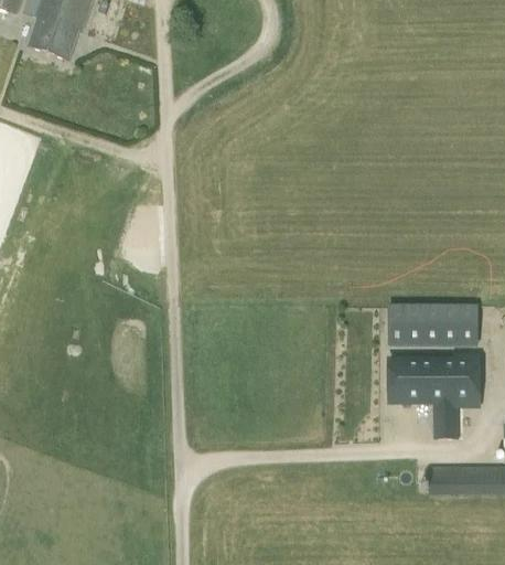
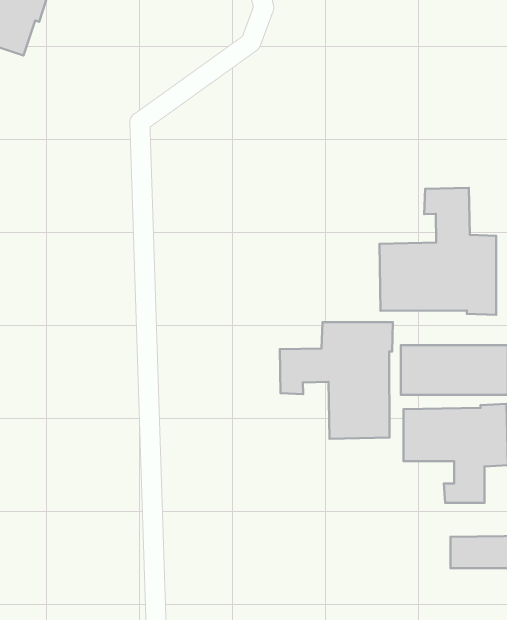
building: none -> [379,188,496,315]
building: none -> [280,322,393,439]

